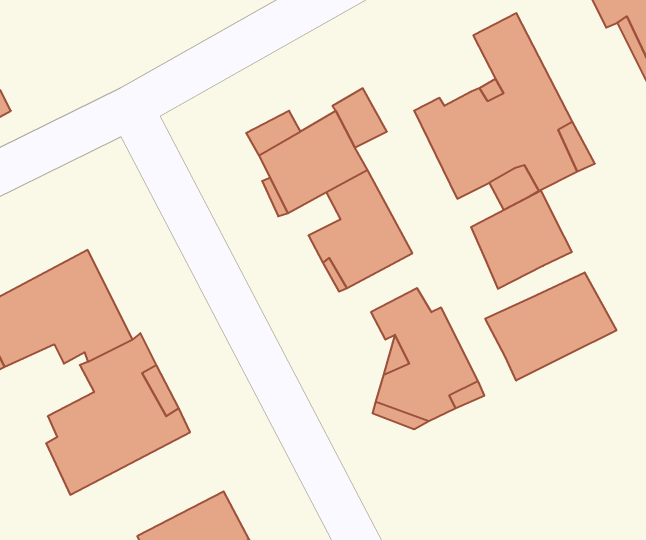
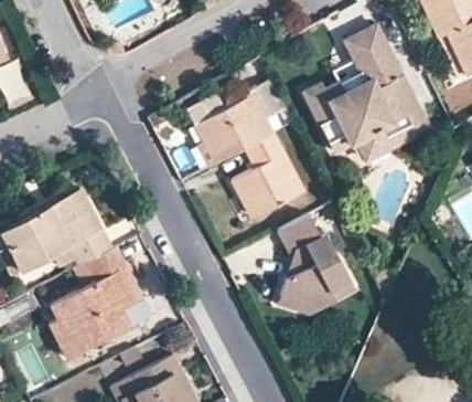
building: [471,190,572,289] -> none
building: [485,272,616,381] -> none

